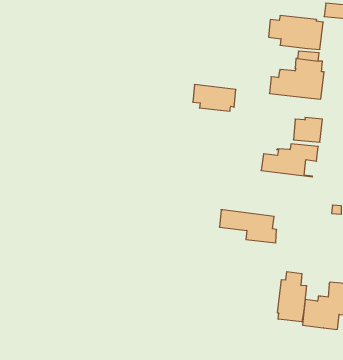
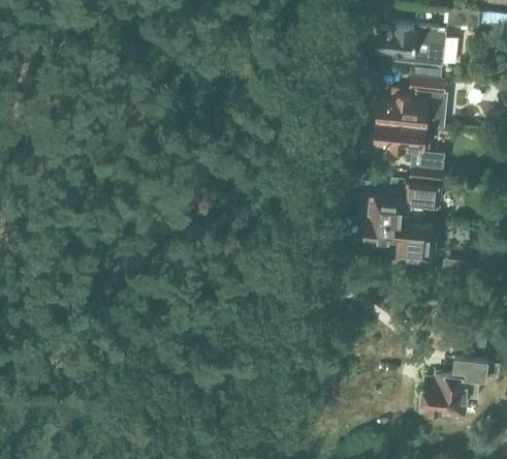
building: [193,85,236,111] -> [376,121,430,154]
building: [219,210,277,243] -> [363,217,435,258]
building: [278,272,307,322] -> none

